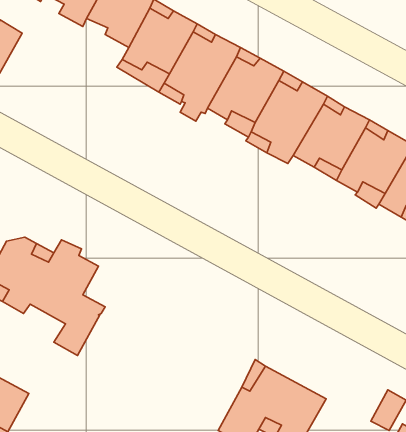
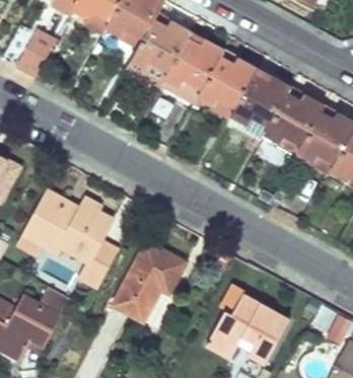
building: none -> [113,240,185,320]

